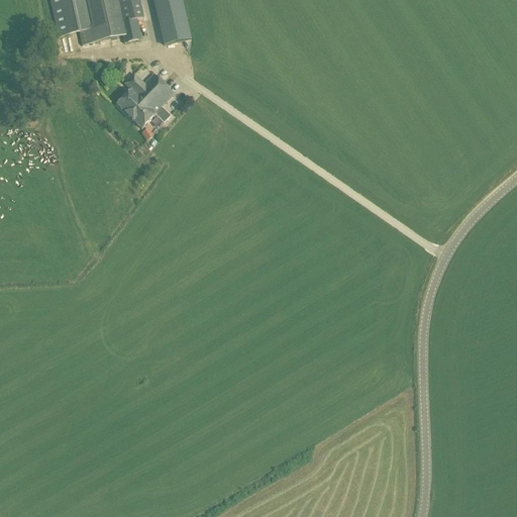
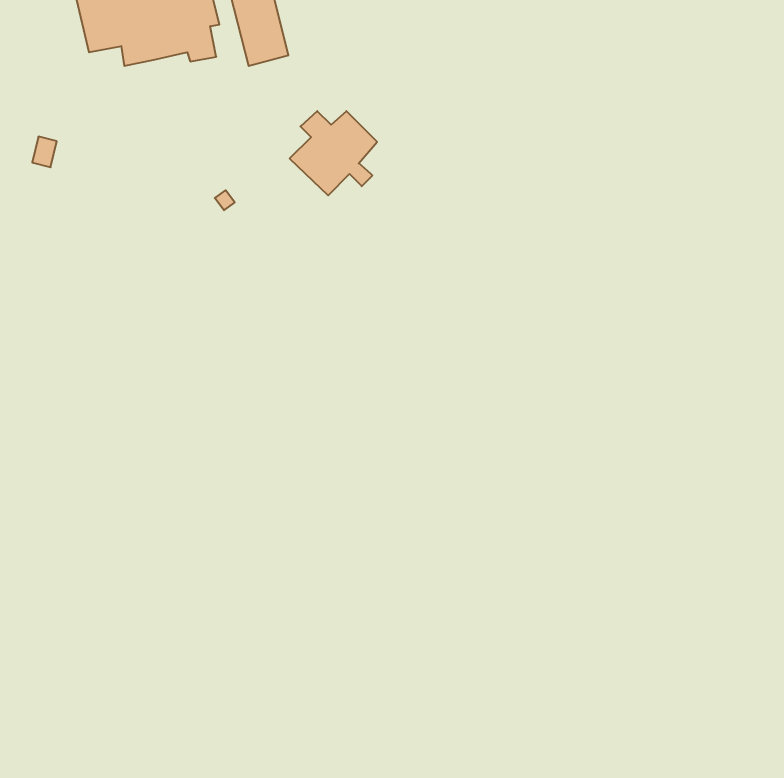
building: [117,71,175,126] -> [290,111,377,195]

